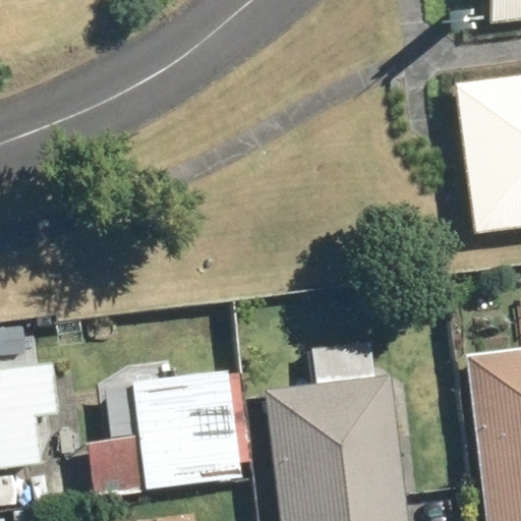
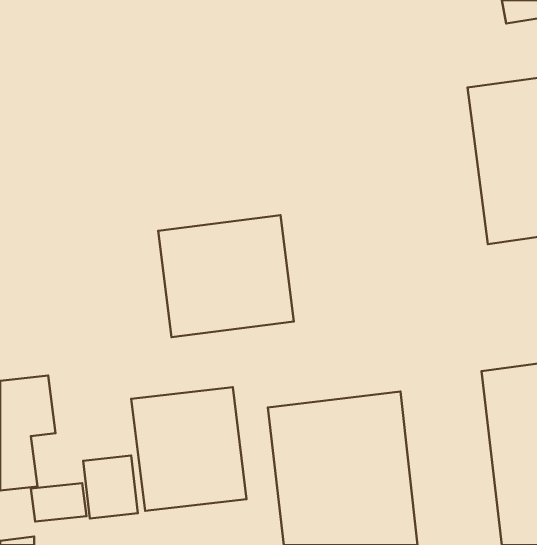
building: none -> [158,215,294,337]

